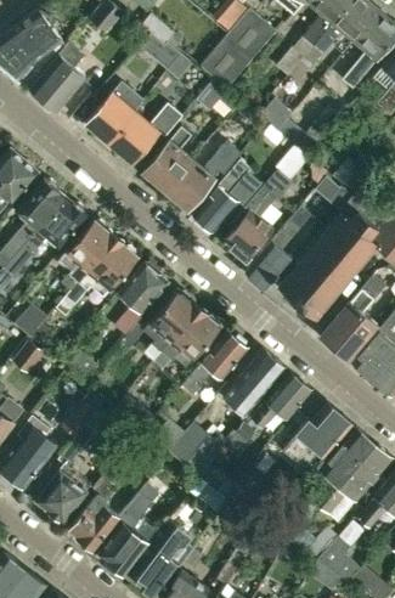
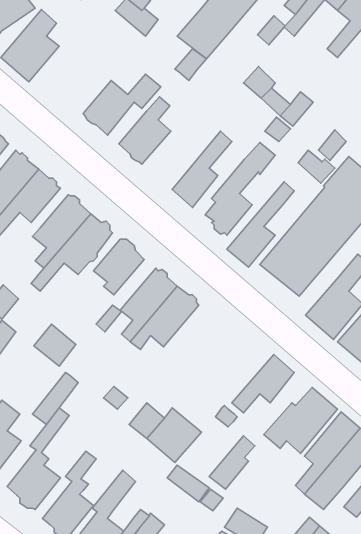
building: [86,83,145,143] -> none
building: [165,142,242,211] -> none
building: [184,333,248,396] -> none
building: [225,351,286,416] -> none

